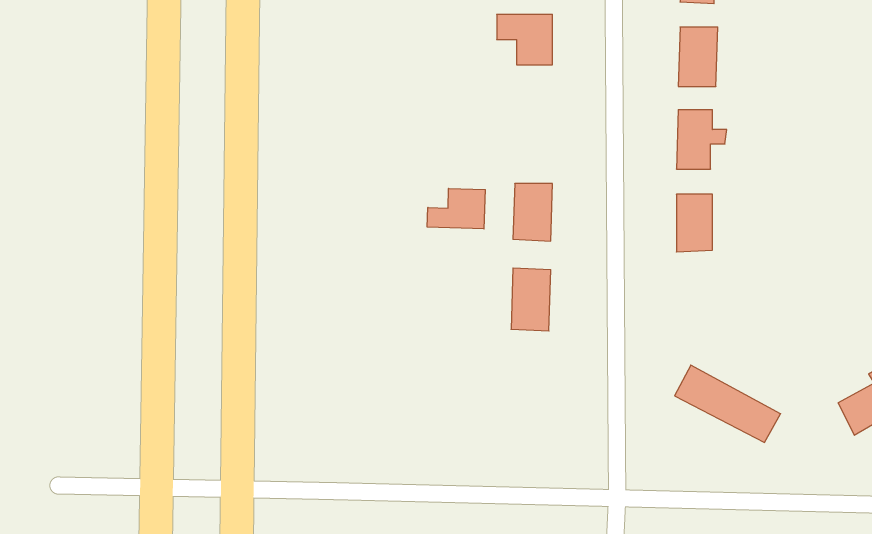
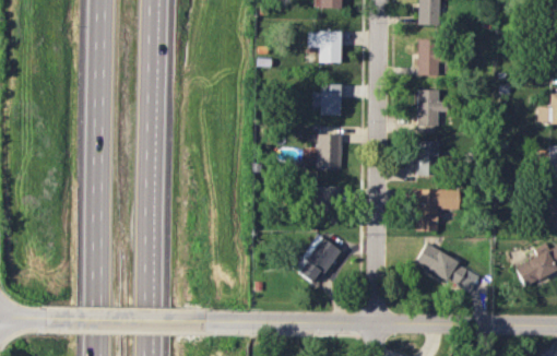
building: none -> [313,84,343,116]
building: [427,188,485,229] -> none
building: none -> [417,189,459,232]
building: none -> [294,234,341,285]

